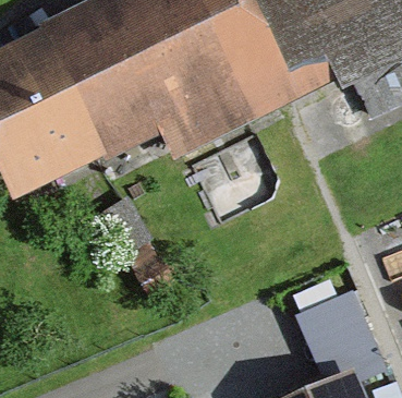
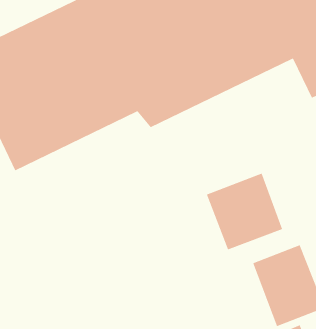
building: none -> [206,172,283,251]

